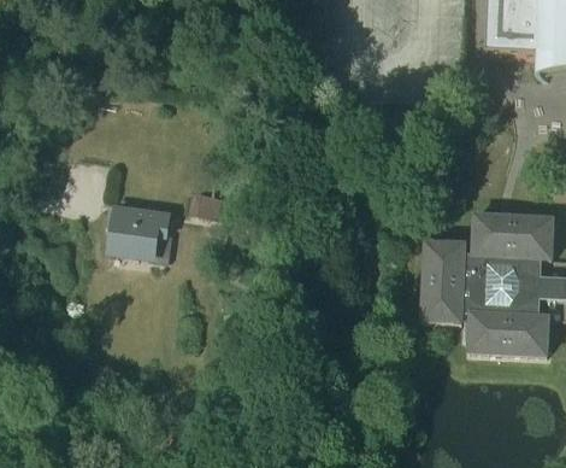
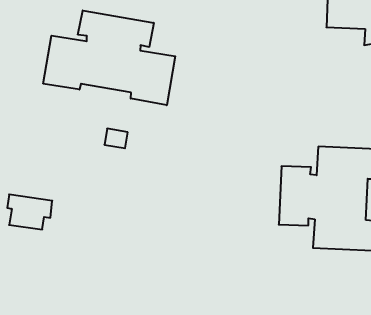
building: none -> [43,10,175,105]
building: [108,205,169,252] -> [7,194,52,229]

